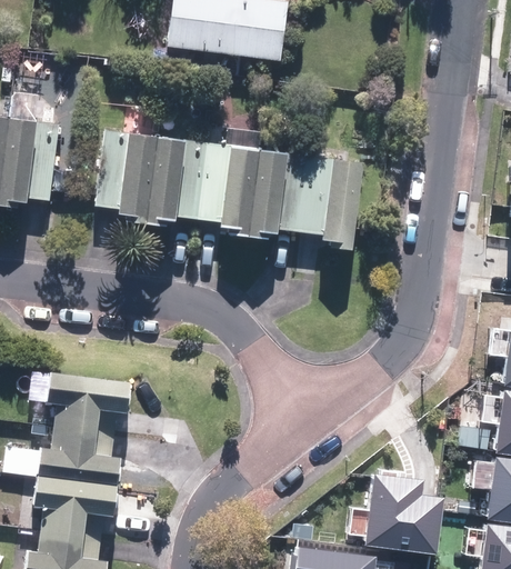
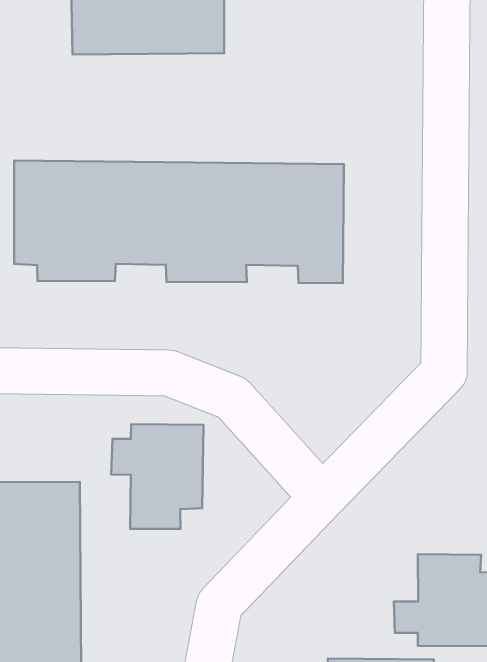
building: none -> [111,424,203,529]

